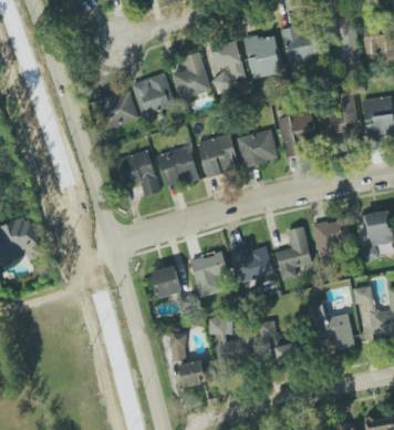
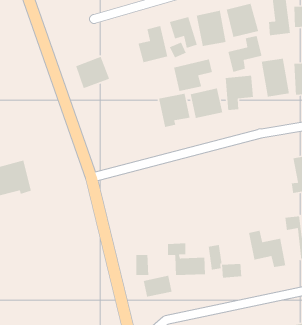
building: none -> [228,35,263,73]
building: [129,72,175,115] -> none
building: none -> [173,58,213,92]
building: [156,145,198,186] -> none
building: [113,149,159,196] -> none
building: [311,217,351,258] -> none
building: [276,226,310,279] -> none
building: [228,240,273,283] -> none
building: [189,250,227,297] -> none
building: [152,266,179,297] -> none

